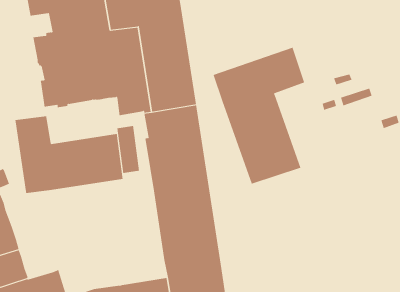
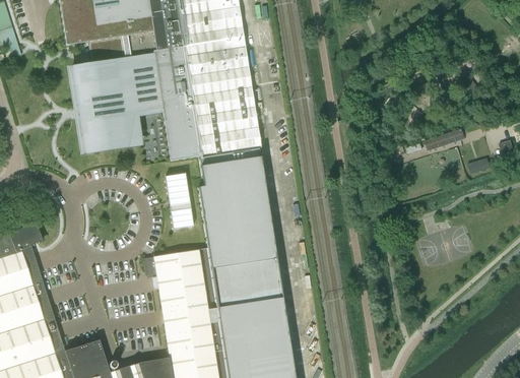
building: [213,47,305,185] -> none
building: [15,115,123,194] -> none
building: none -> [142,247,224,357]

